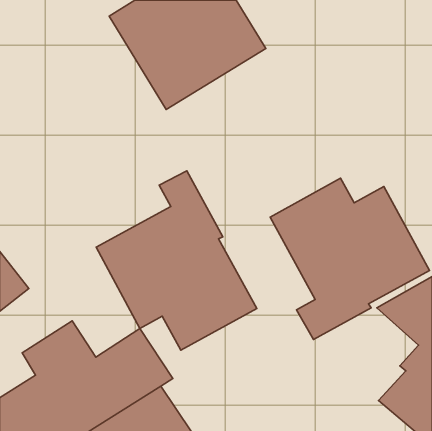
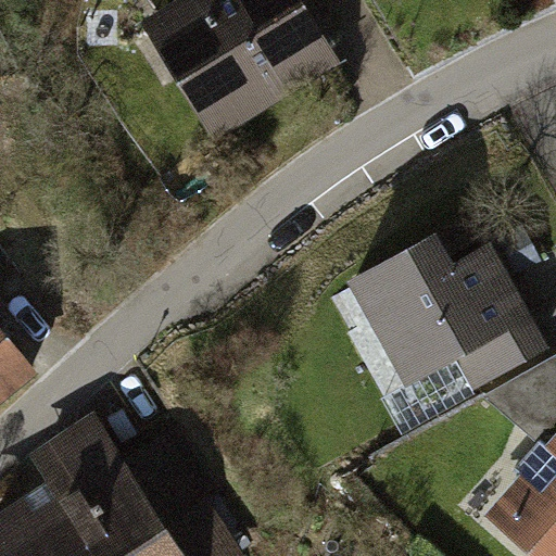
building: [96,171,257,350] -> none

